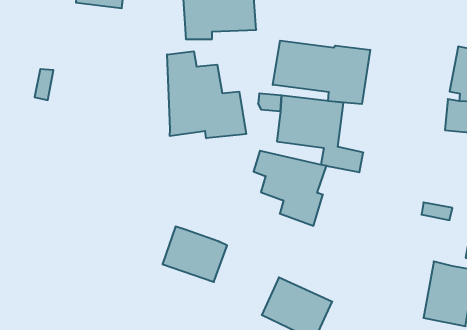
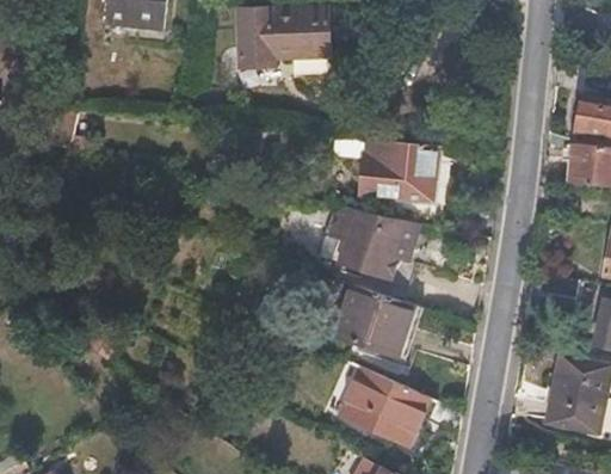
building: [273,41,370,104] -> none
building: [167,51,246,138] -> none
building: [162,227,227,282] -> [333,285,415,356]

